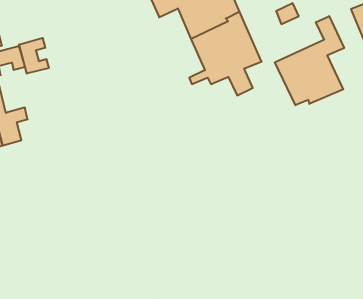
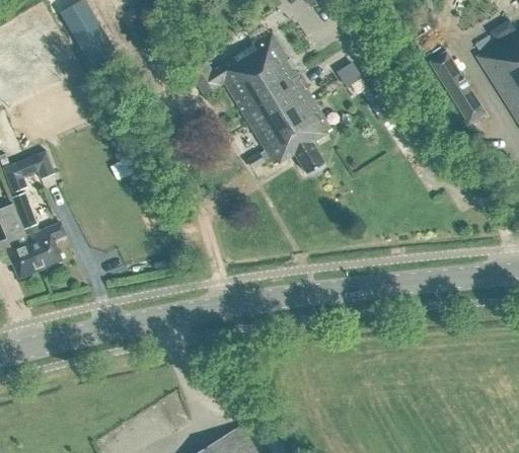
building: [275,16,344,105] -> none
building: [19,38,49,74] -> none

